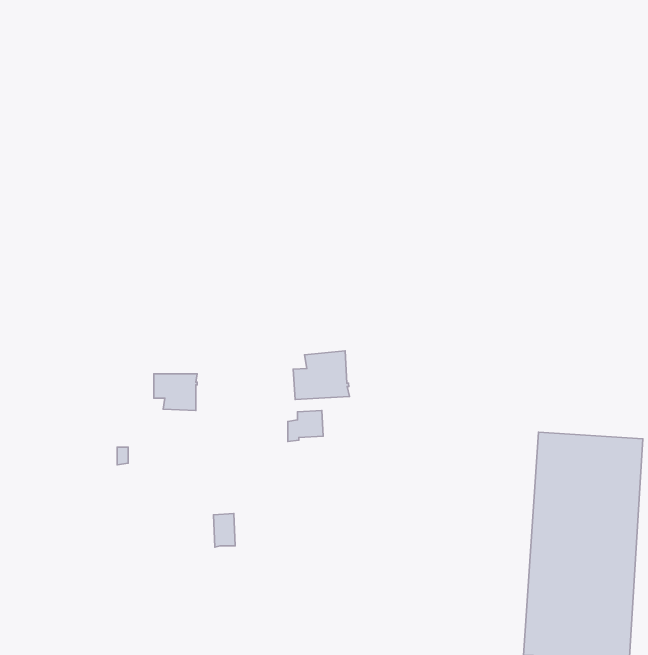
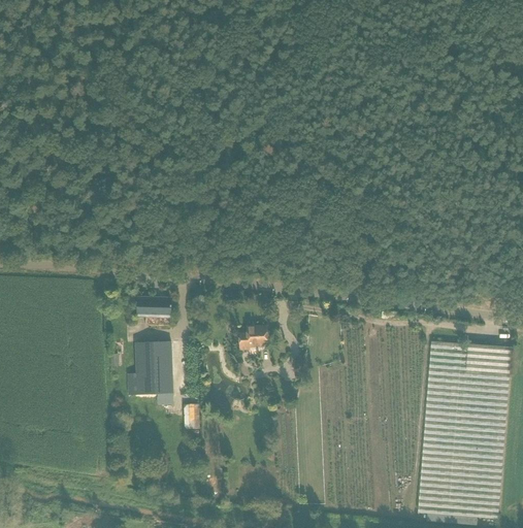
building: [293,351,349,400] -> none
building: none -> [127,339,172,404]

